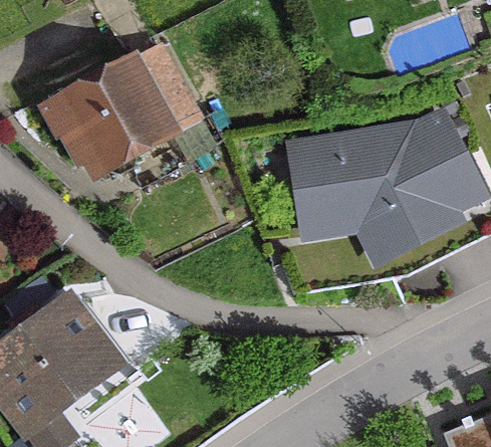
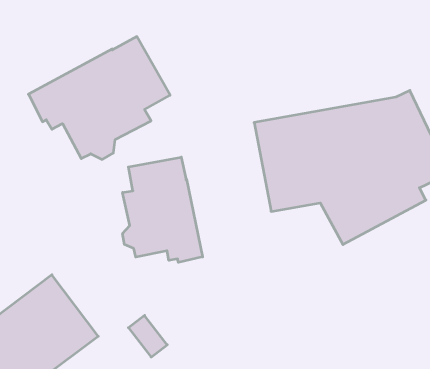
building: none -> [123,157,203,262]

